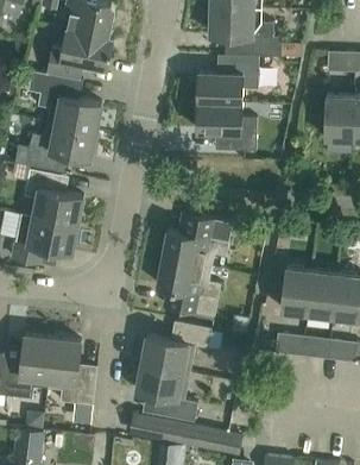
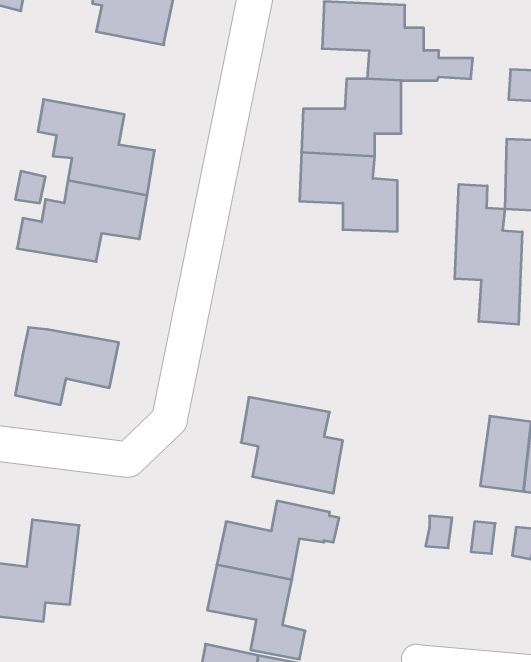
building: [46,27,115,80] -> none
building: none -> [455,184,522,324]
building: [26,169,86,224] -> none
building: [162,214,234,268] -> none
building: [282,266,314,314] -> none
building: [49,339,99,407] -> none

